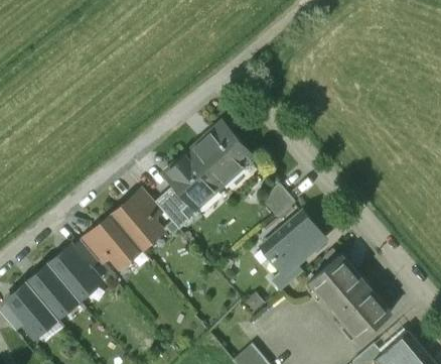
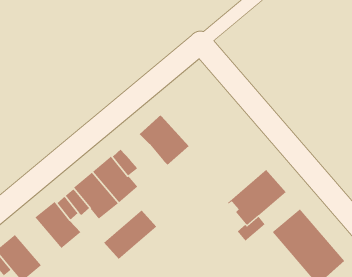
building: [188,122,253,187] -> none
building: [262,184,295,217] -> none
building: [154,185,189,229] -> none
building: none -> [103,210,157,260]
building: [27,265,78,318] -> none

